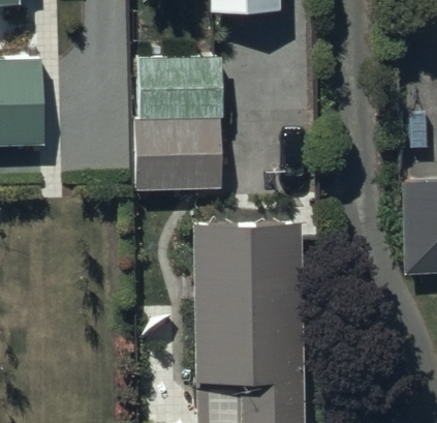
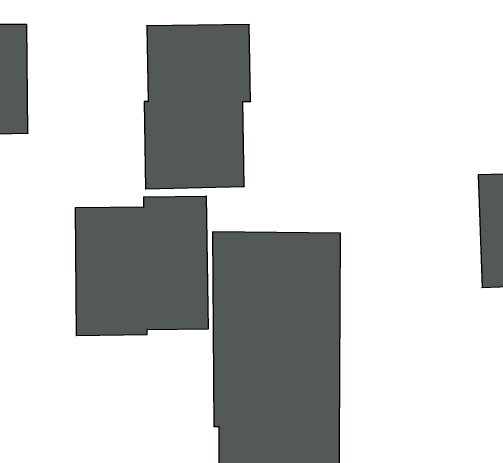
building: none -> [76,196,208,336]

